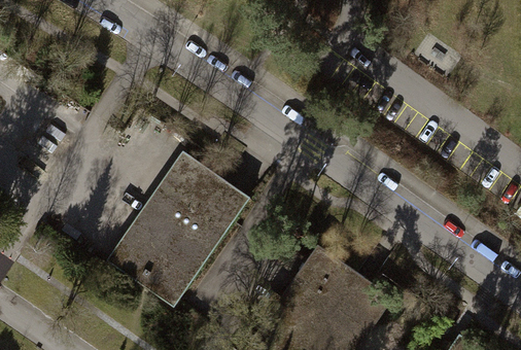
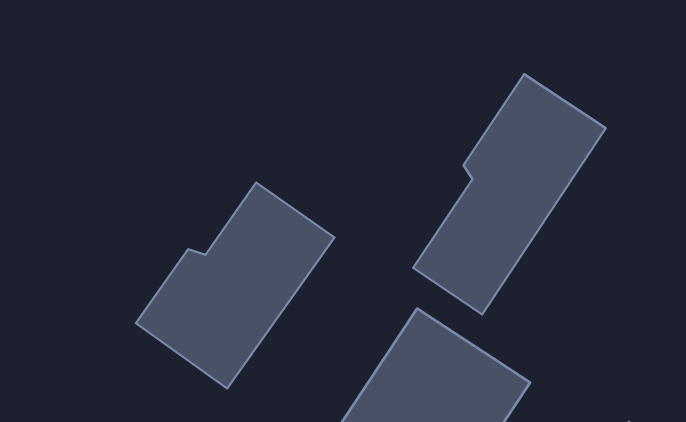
building: none -> [413,74,606,314]

